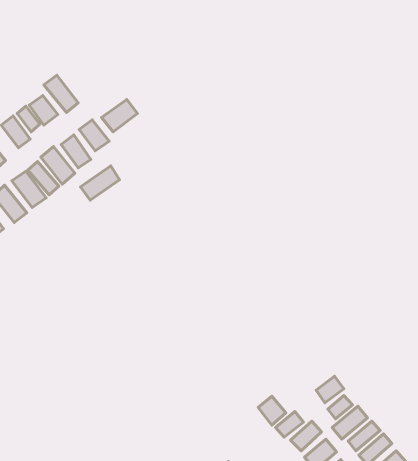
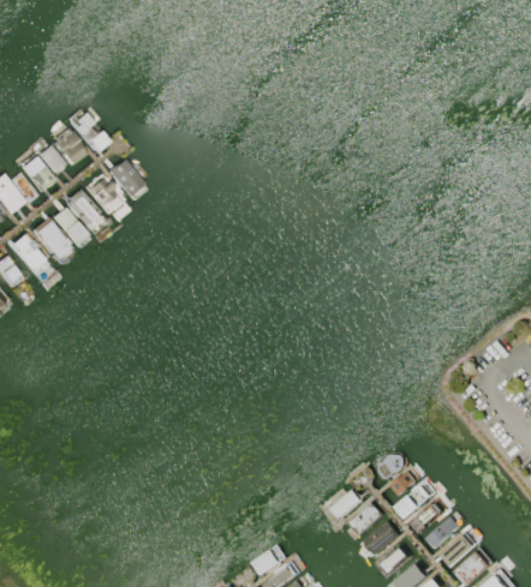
building: [101,100,137,132] -> none
building: [80,166,119,200] -> none
building: [258,396,286,425] -> none

